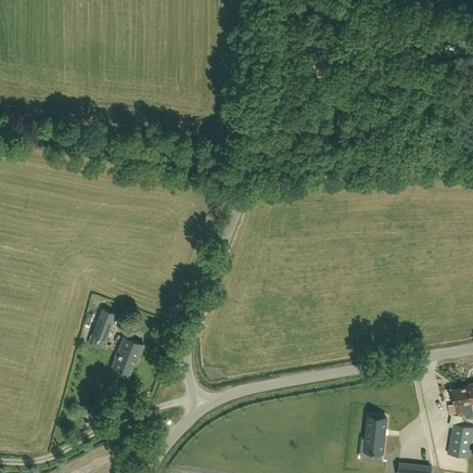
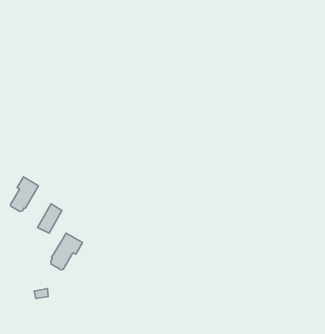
building: none -> [10,177,38,212]

